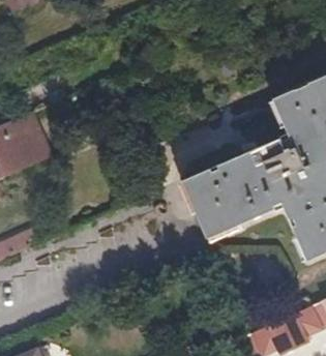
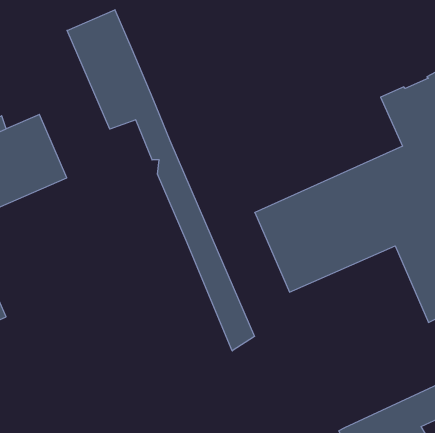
building: none -> [67,10,254,351]

